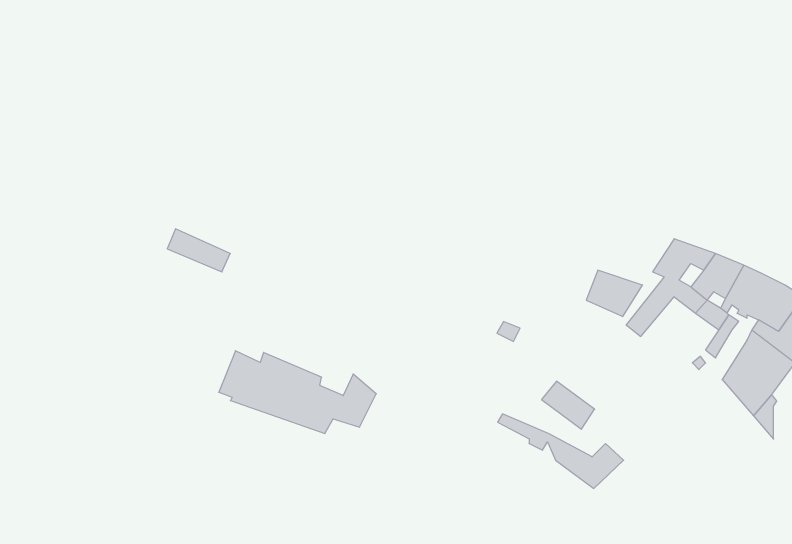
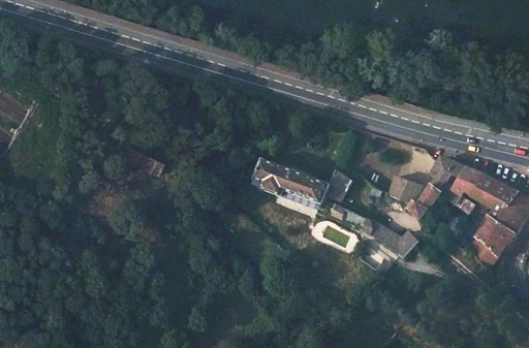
building: [219,351,376,434] -> [254,158,352,210]
building: [498,414,624,488] -> [344,213,423,259]

